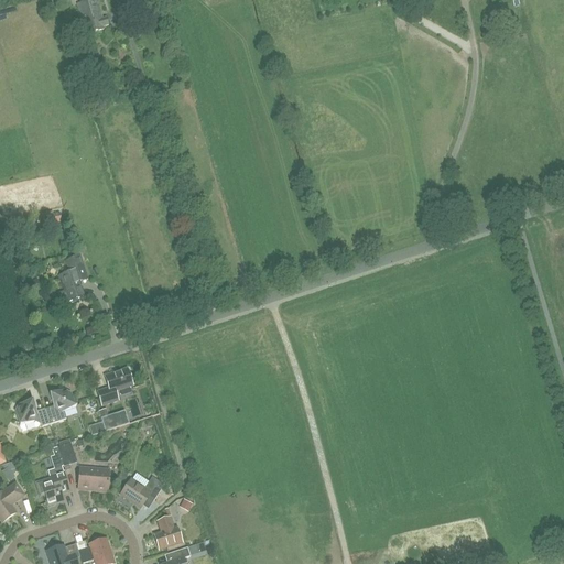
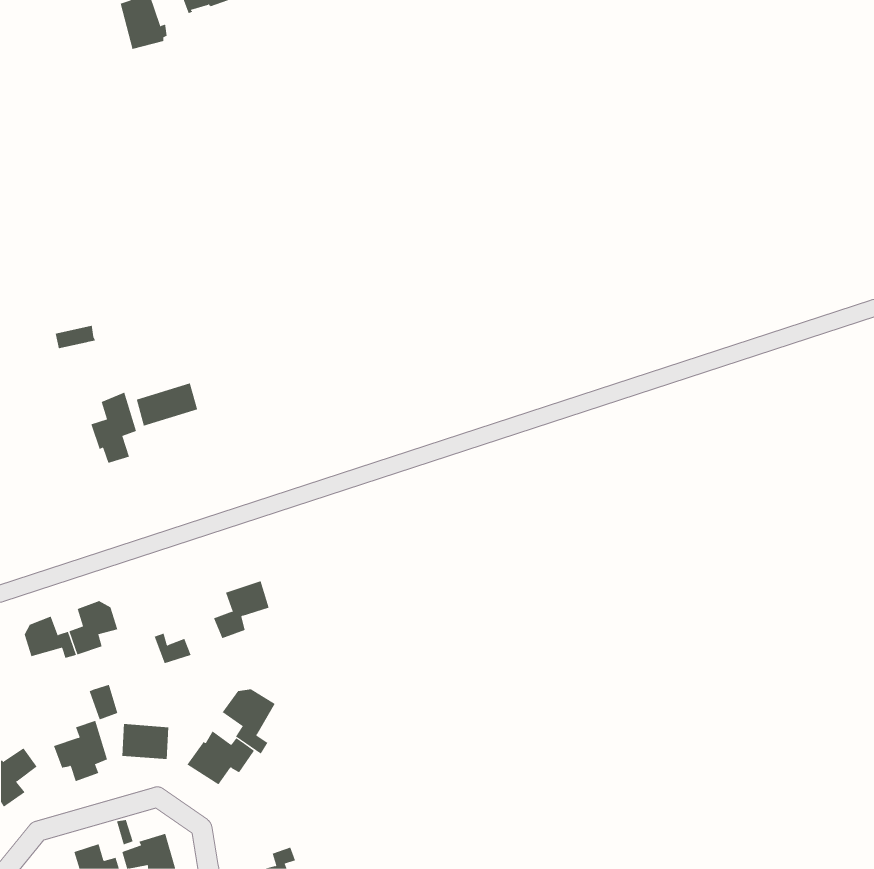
building: none -> [136,383,198,426]
building: [97,366,133,403] -> [213,581,270,639]
building: none -> [222,688,275,755]
building: [154,514,182,547] -> none

